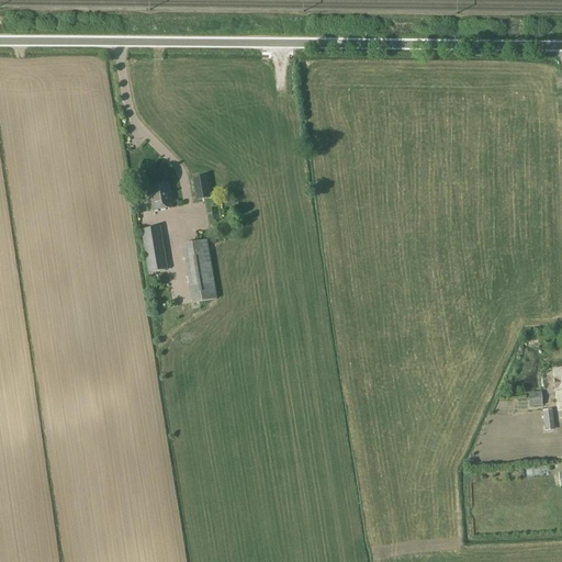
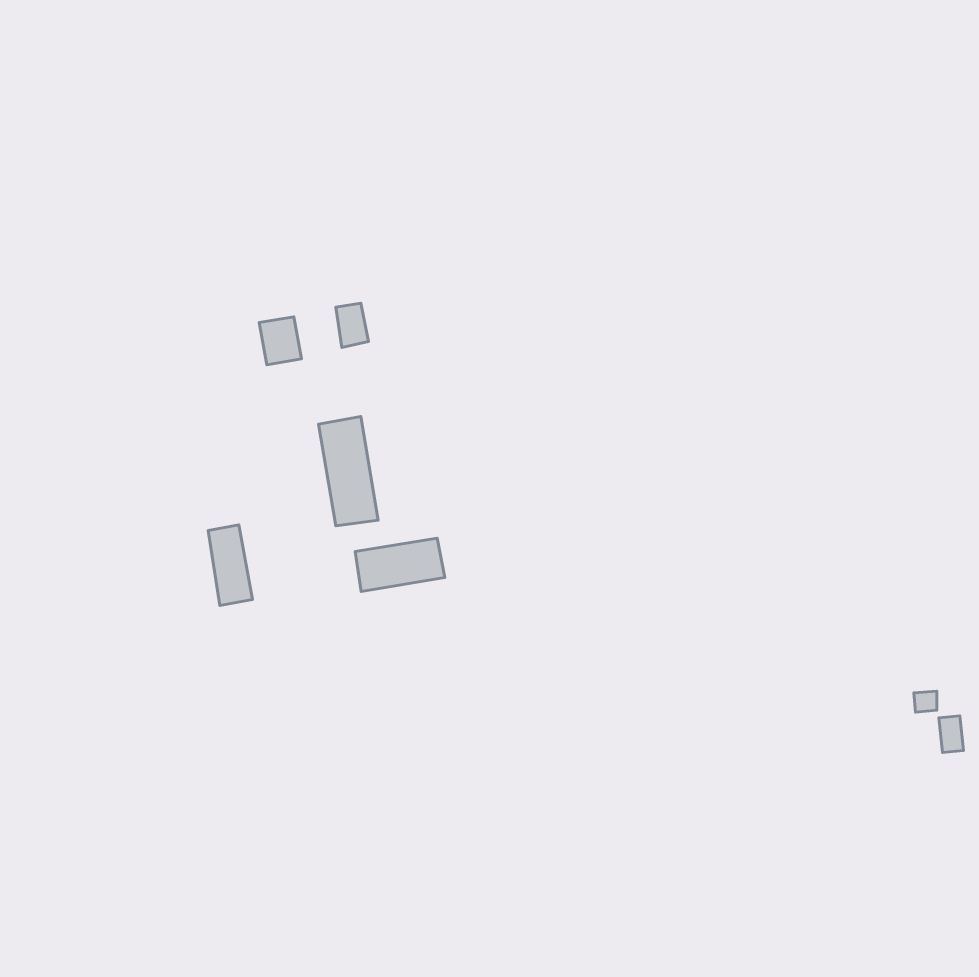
building: [143,225,168,271] -> [208,525,252,605]
building: none -> [355,538,445,592]

